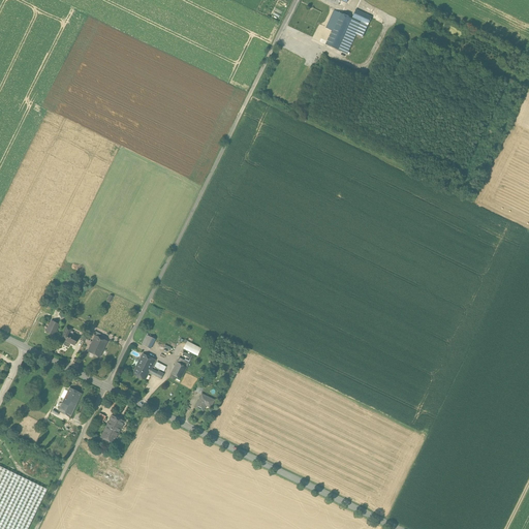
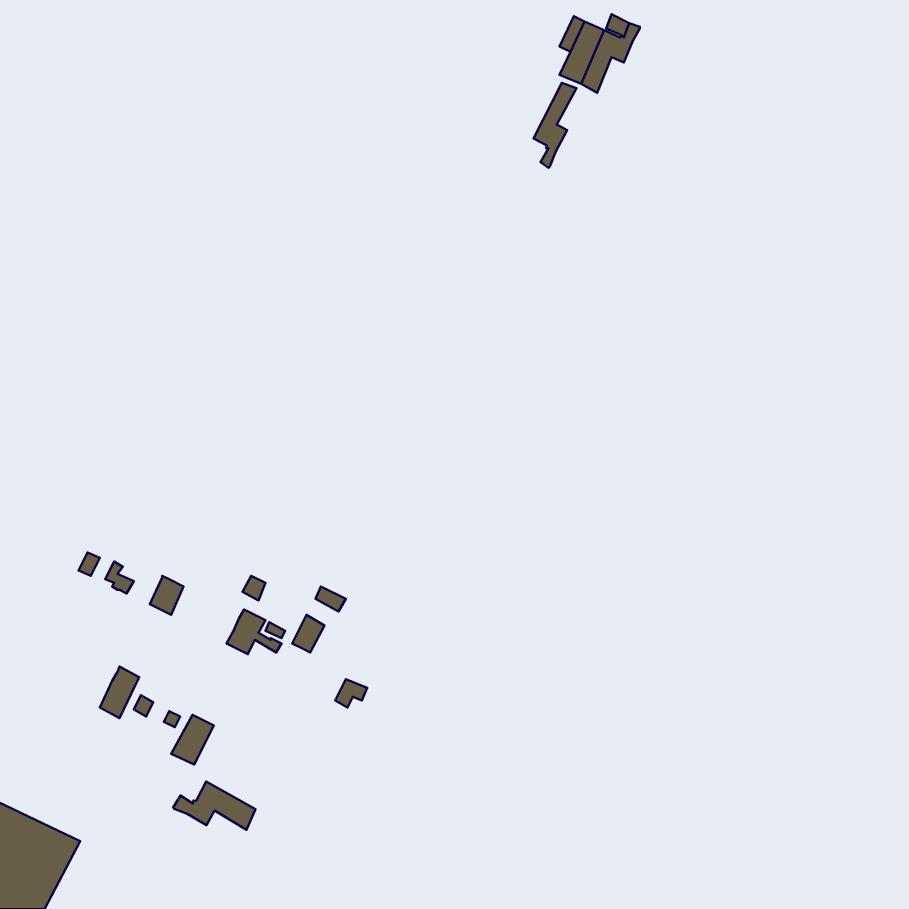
building: none -> [533,83,576,168]
building: none -> [173,782,256,830]

